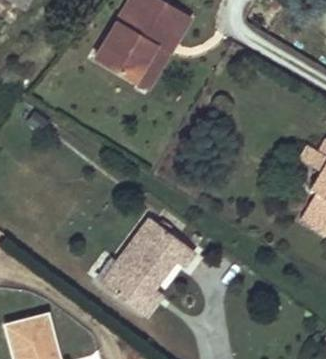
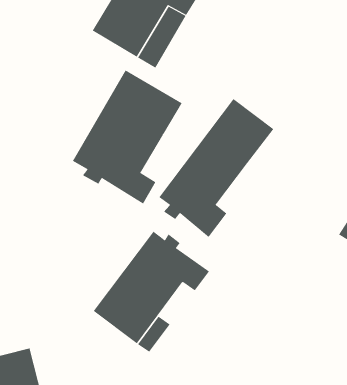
building: none -> [72,70,183,204]
building: none -> [159,98,274,238]

